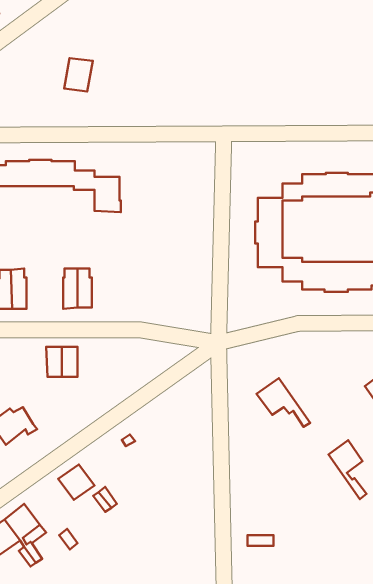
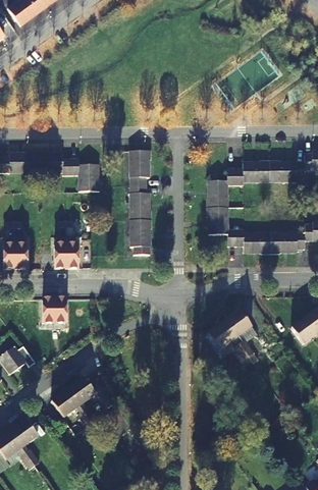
building: [64,58,93,91] -> none
building: none -> [130,152,152,257]
building: [329,440,366,499] -> [223,311,253,357]
building: none -> [67,377,96,405]

